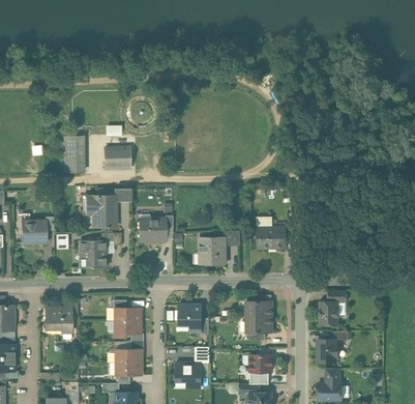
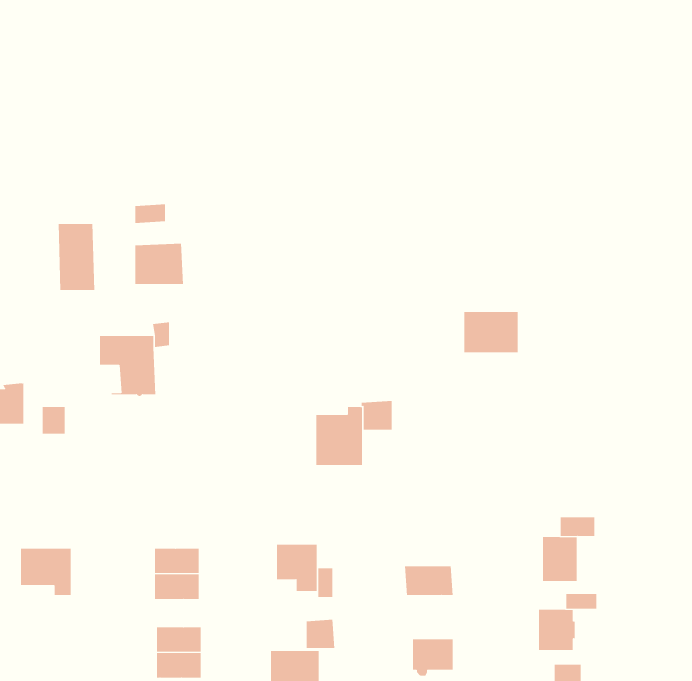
building: [139,219,166,240] -> none
building: [257,227,286,249] -> [463,312,519,353]
building: [80,240,107,267] -> none
building: [246,301,271,317] -> none

